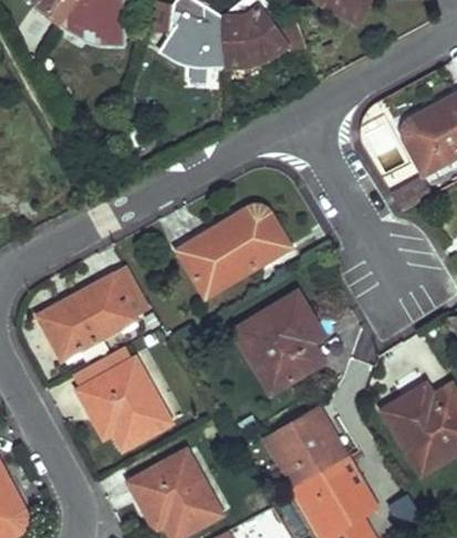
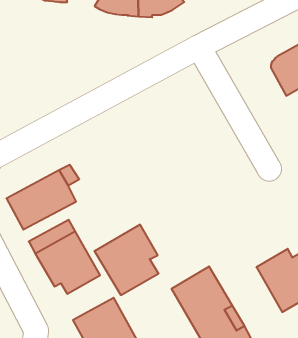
building: [179,207,288,296] -> none
building: [233,294,322,391] -> [94,225,159,295]

